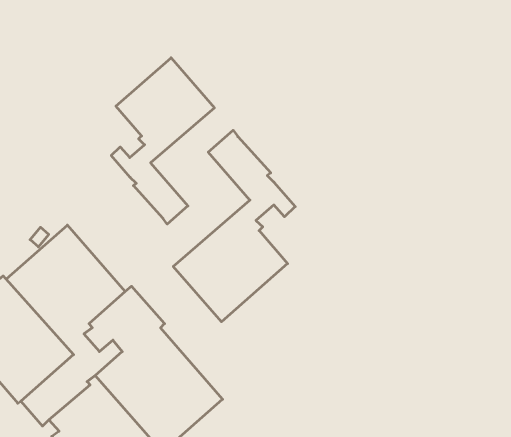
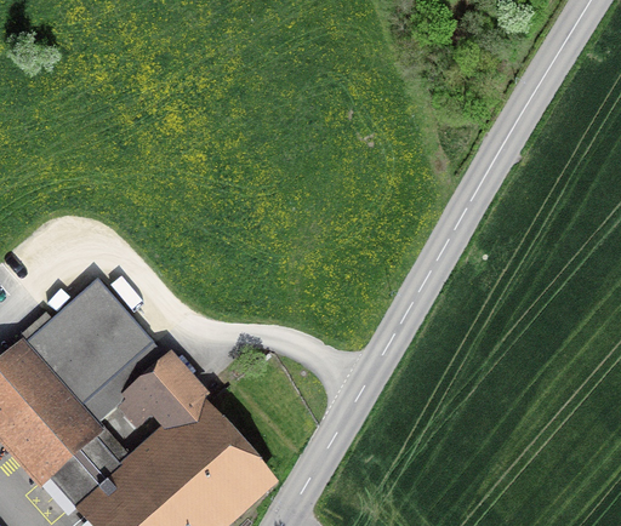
building: [111,58,214,224] -> none
building: [173,130,295,322] -> none

